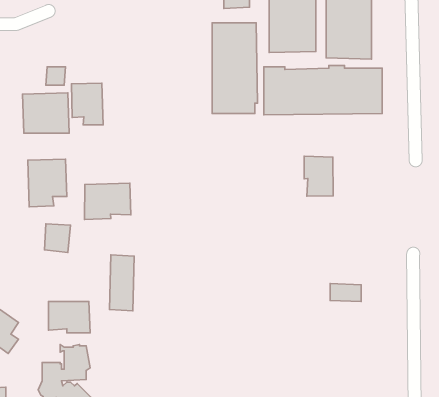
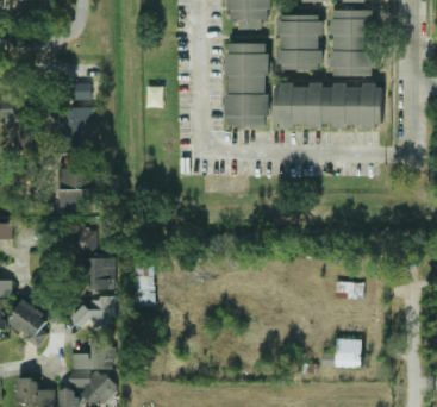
building: [71,83,103,125] -> none
building: [304,156,333,196] -> none
building: [85,183,131,219] -> none
building: none -> [82,257,114,290]
building: none -> [321,339,361,368]

